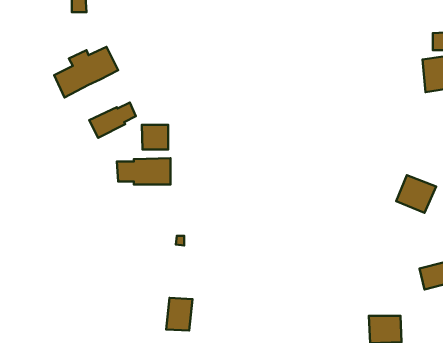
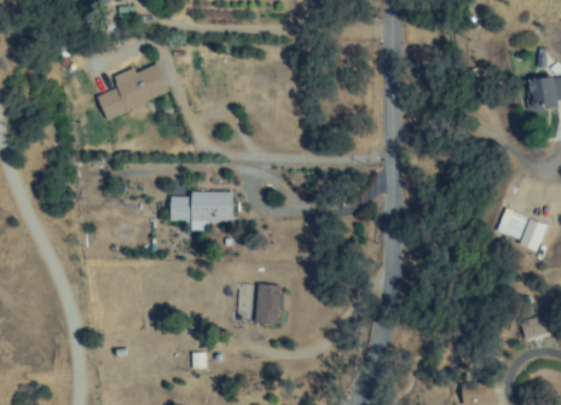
building: [89,102,136,138] -> none
building: [142,125,168,150] -> none
building: [166,298,192,331] -> [255,283,285,320]

